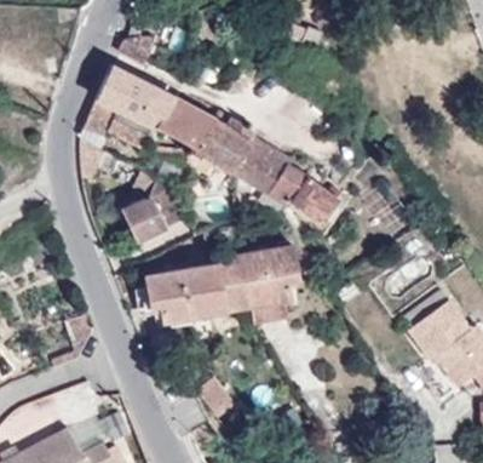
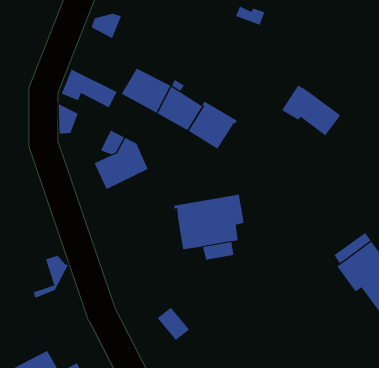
building: [96,65,172,128] -> none
building: [268,164,338,224] -> [281,84,341,136]
building: [144,263,226,322] -> none

